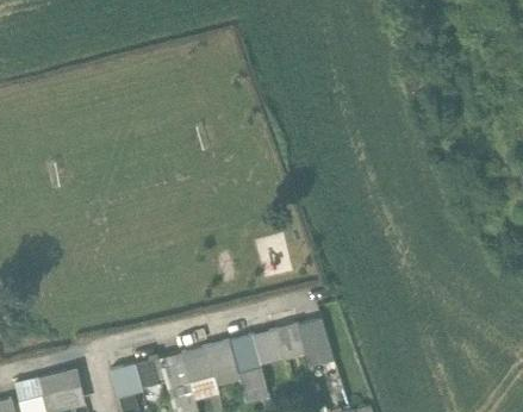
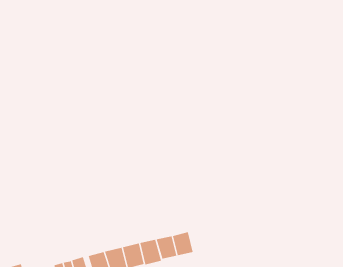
building: [297,320,331,358] -> none

